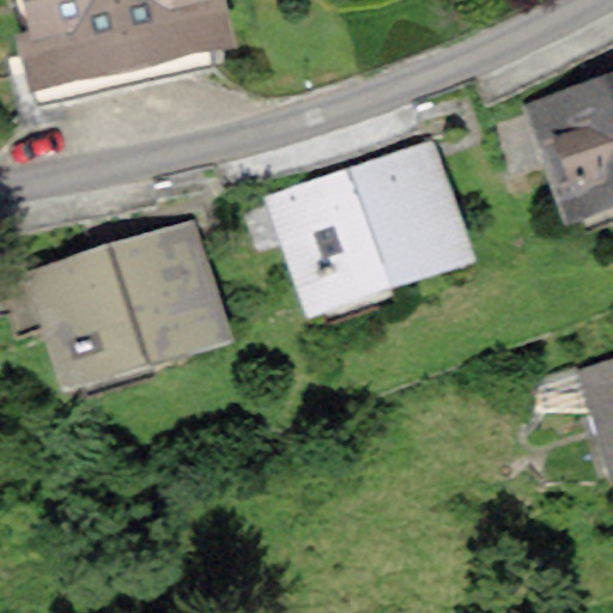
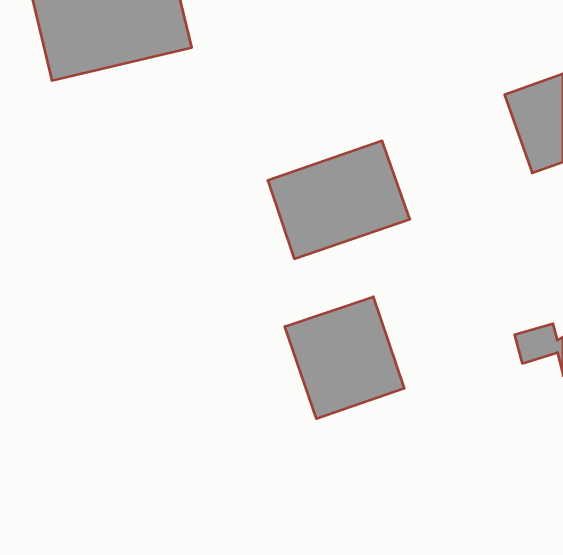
building: [50,233,202,358] -> none
building: none -> [285,297,404,419]

